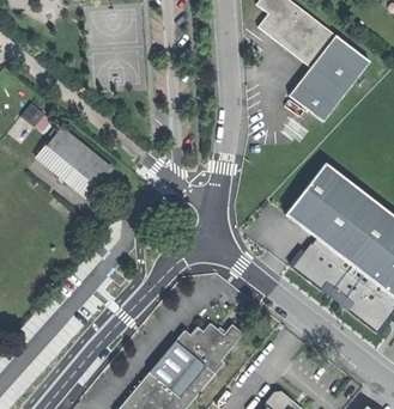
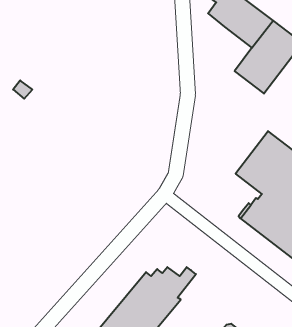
building: [35,128,110,197] -> none

